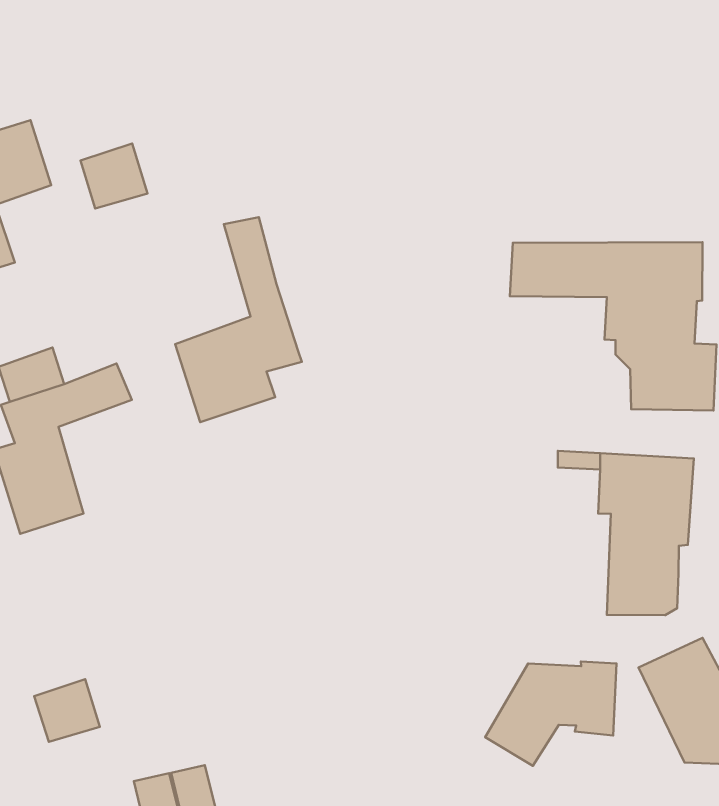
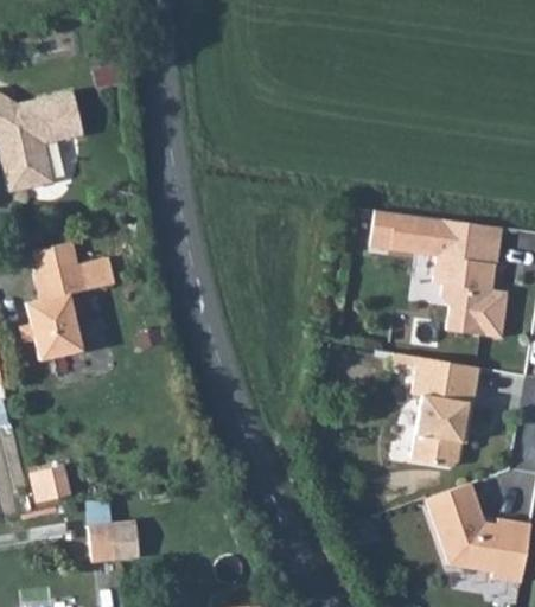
building: [80,144,148,209] -> none
building: [175,217,302,422] -> none
building: [485,662,617,766] -> none

